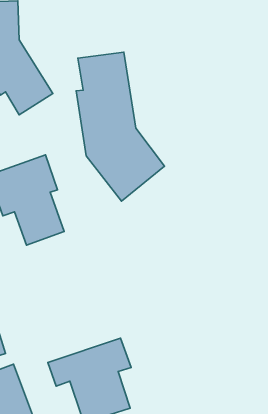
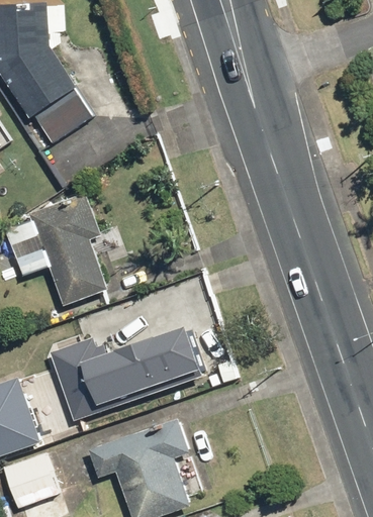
building: [76,52,165,201] -> none
building: none -> [52,328,203,420]

